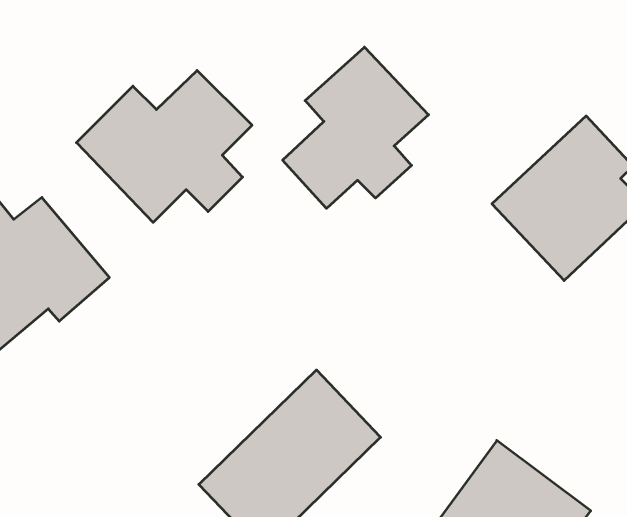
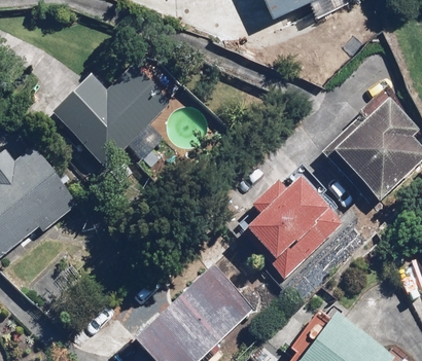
building: [283,47,429,208] -> none
building: none -> [241,169,346,278]

